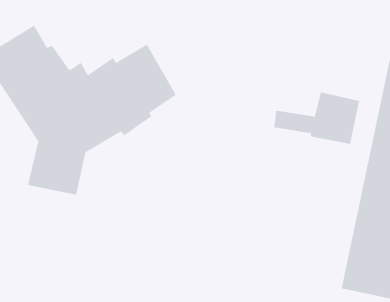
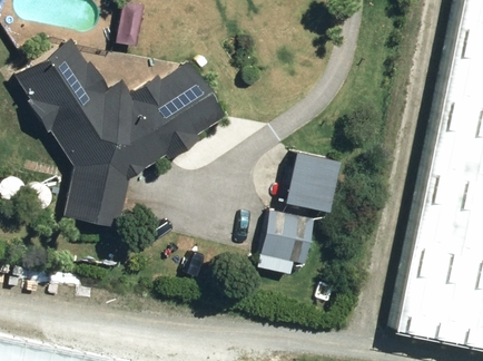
building: [274,92,360,145] -> [246,149,341,207]
building: none -> [258,208,313,273]

